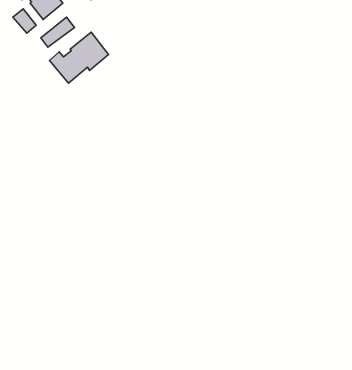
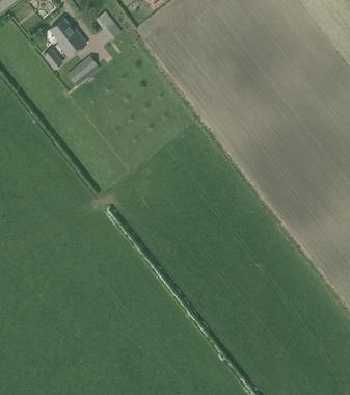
building: [50,32,109,83] -> none

